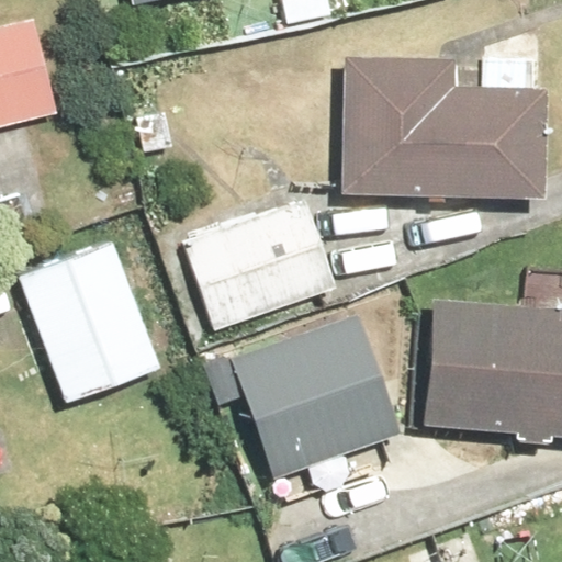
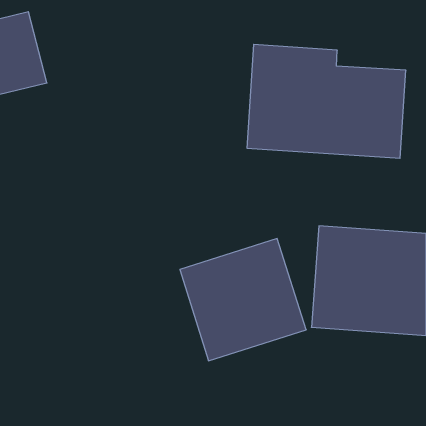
building: [184,198,338,329] -> none
building: [26,241,162,393] -> none

